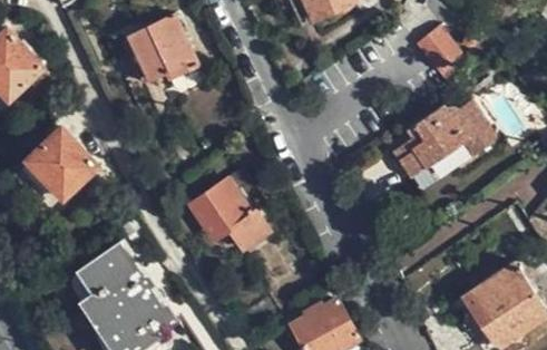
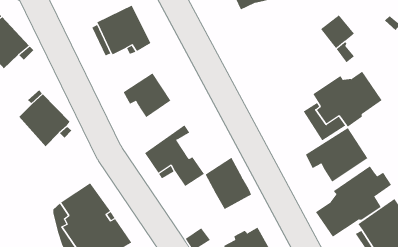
building: none -> [123,73,171,118]
building: none -> [305,127,368,182]
building: none -> [205,157,252,210]
building: none -> [315,165,392,238]

